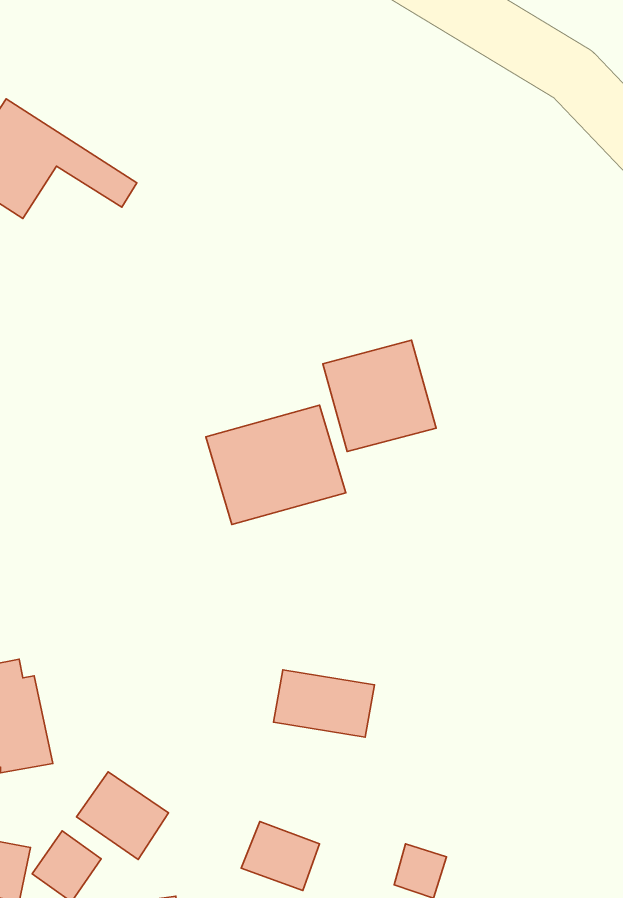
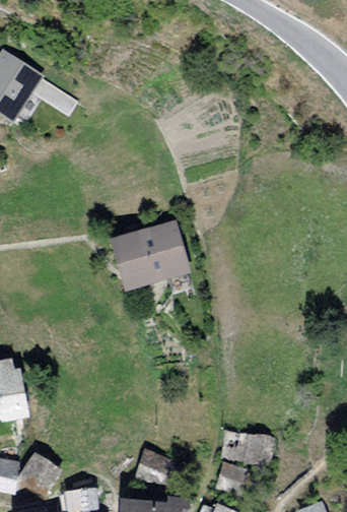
building: [323,340,436,452] -> none
building: [274,670,374,737] -> [219,427,274,463]
building: [77,772,168,860] -> none

